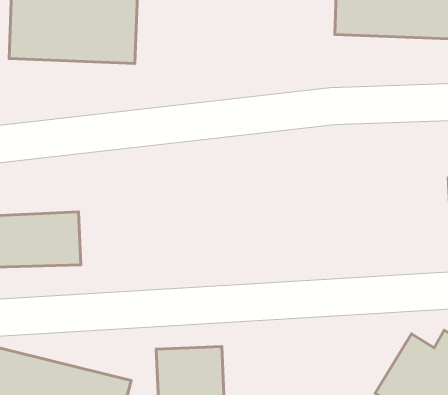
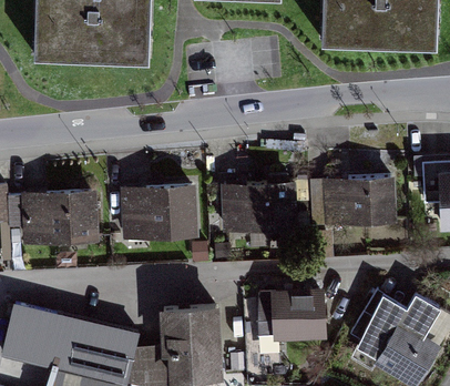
building: none -> [324,180,401,228]
building: none -> [222,184,299,233]
building: none -> [122,187,200,237]
building: none -> [258,292,329,338]

